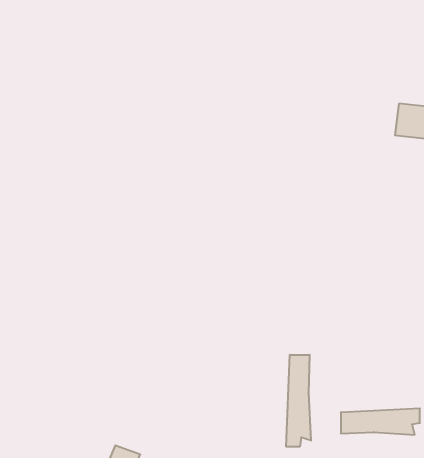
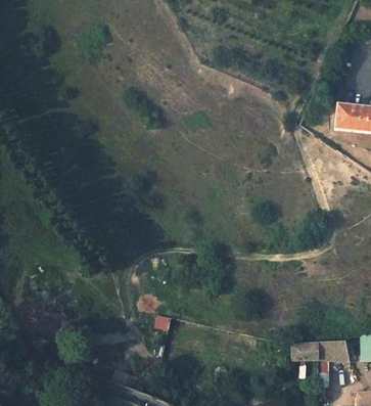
building: [286,355,311,447] -> none

